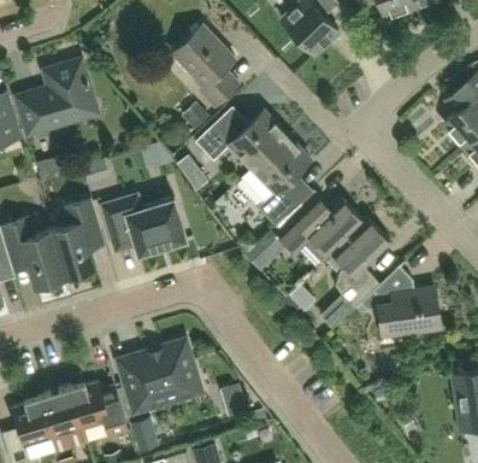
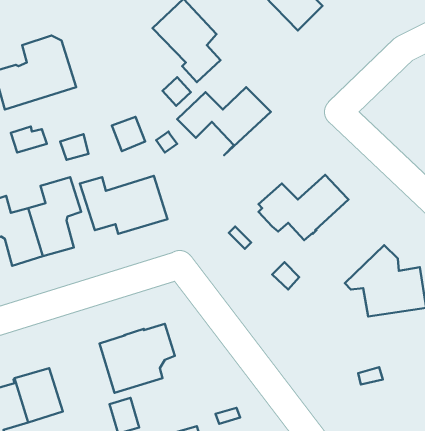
building: [242,136,311,227] -> none
building: [331,218,390,304] -> none
building: [71,382,128,436] -> none

